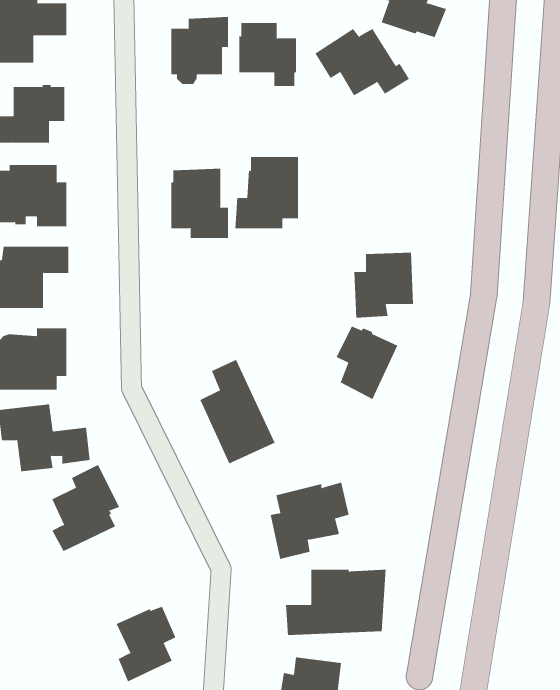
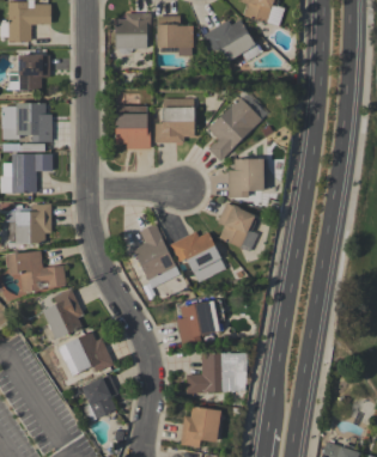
building: none -> [208,97,262,160]
building: none -> [170,231,226,281]
building: none -> [59,330,114,376]

